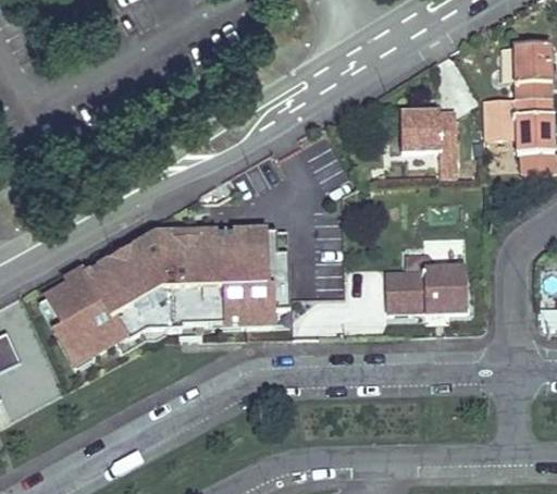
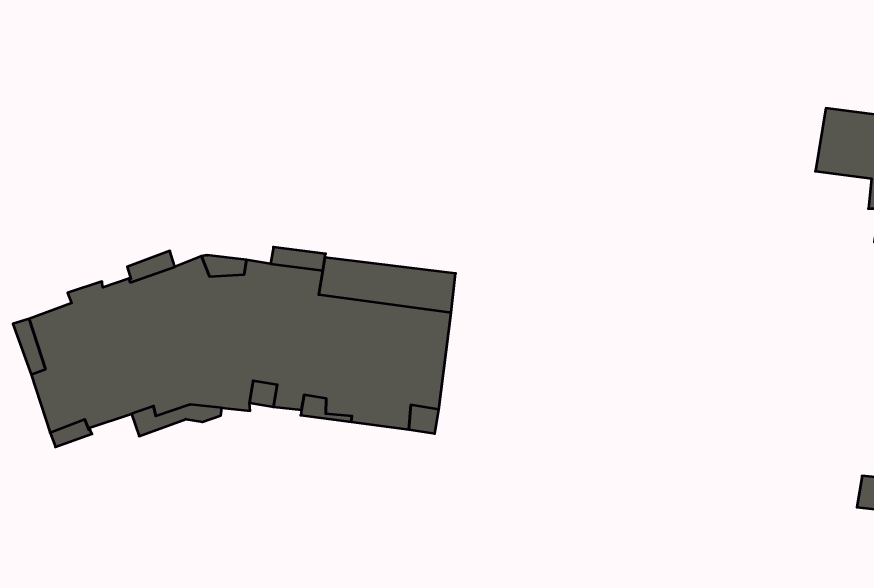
building: [399,111,456,172] -> none
building: [386,254,466,311] -> none

